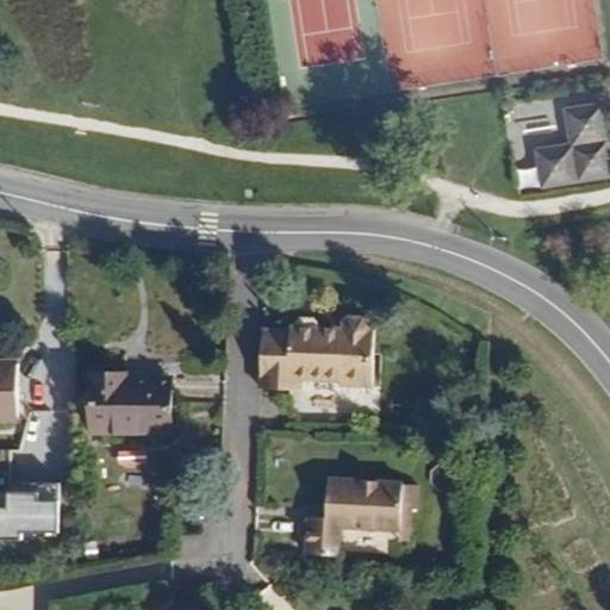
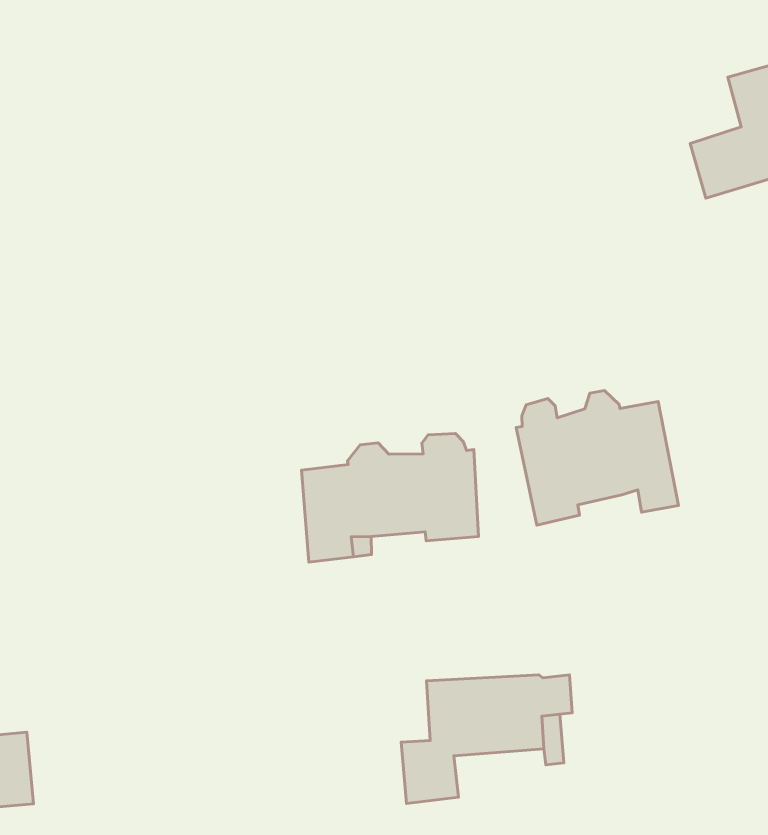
building: none -> [516,390,678,525]
building: [87,373,169,435] -> none

